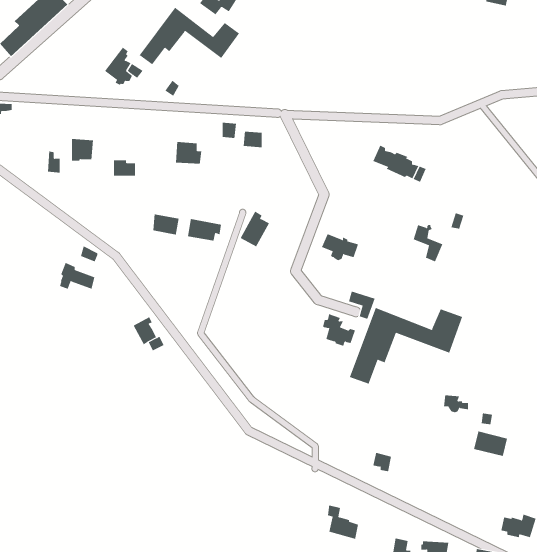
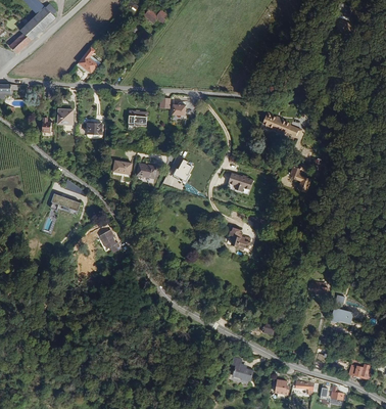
building: [139,7,240,65] -> none
building: [349,307,463,384] -> none

